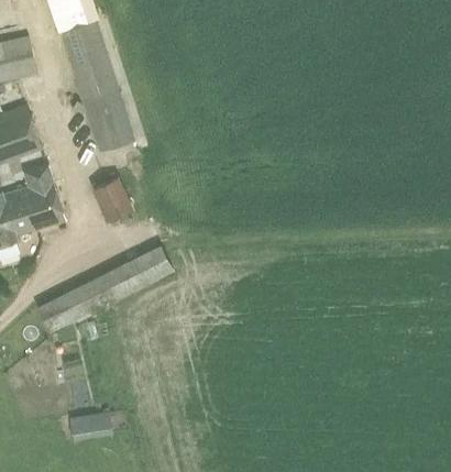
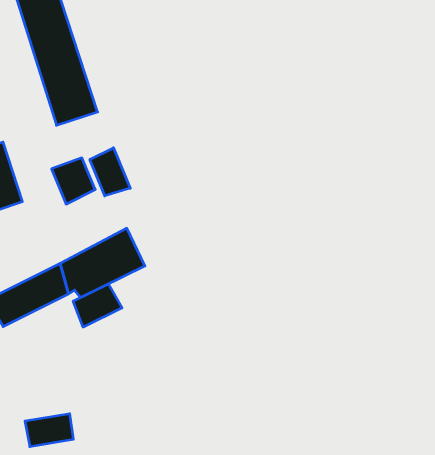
building: none -> [90,148,130,196]
building: none -> [73,284,122,327]

